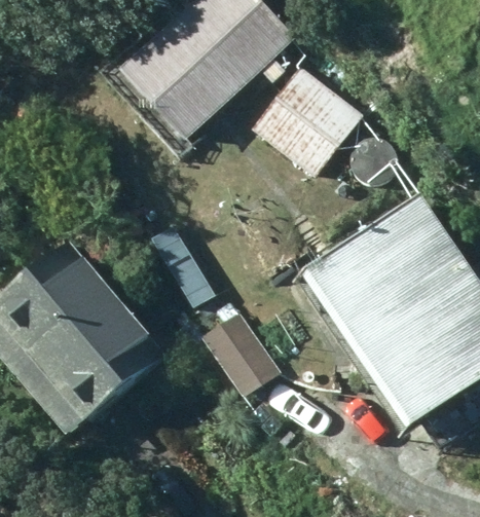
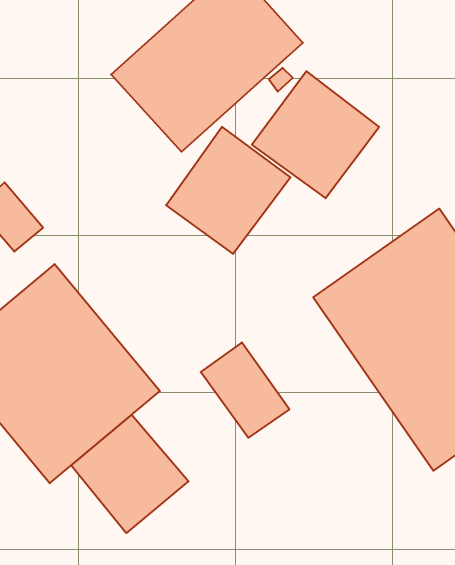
building: none -> [166,127,291,254]
building: none -> [71,415,189,533]

